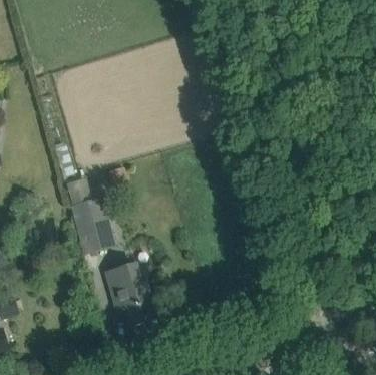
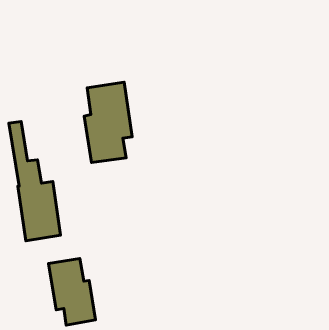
building: none -> [84,82,132,162]

